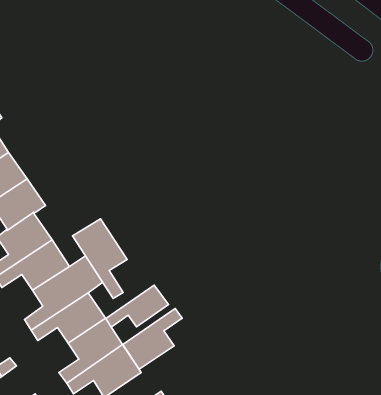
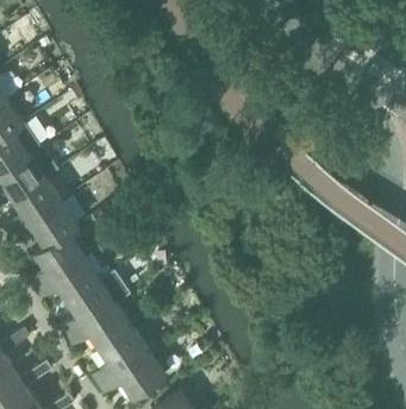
building: [72,219,127,298] -> none
building: [106,285,169,327] -> none
building: [123,308,182,369] -> none

